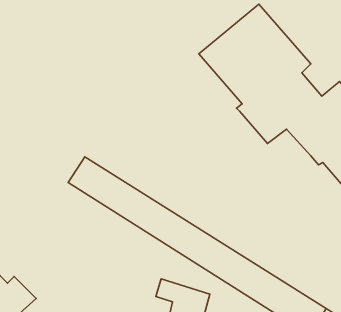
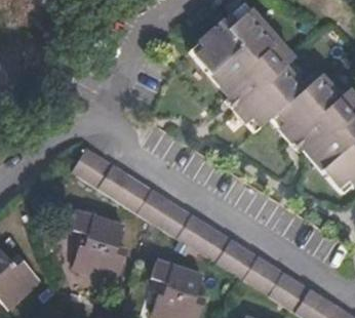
building: none -> [72,212,125,281]

